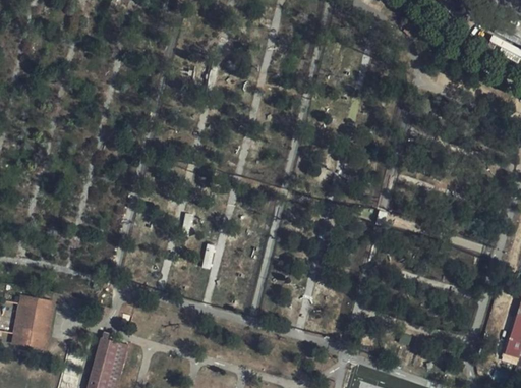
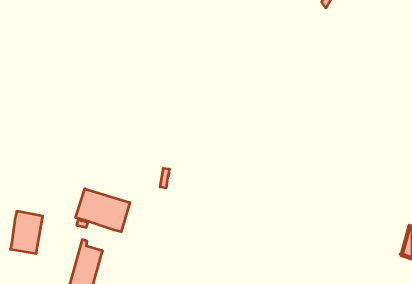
building: none -> [76,189,130,232]

